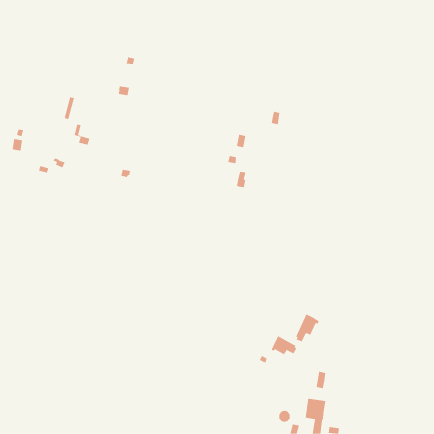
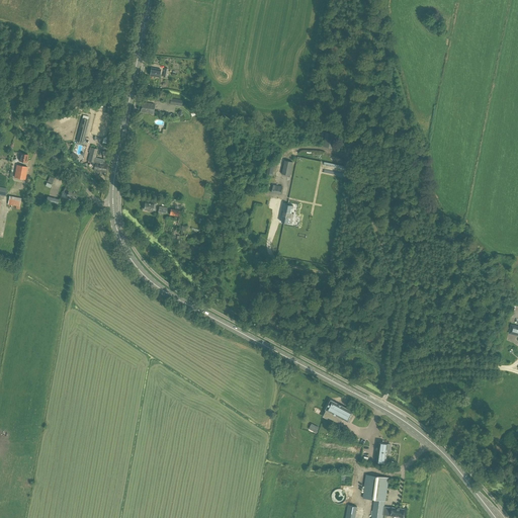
building: [295,313,320,342] -> none

